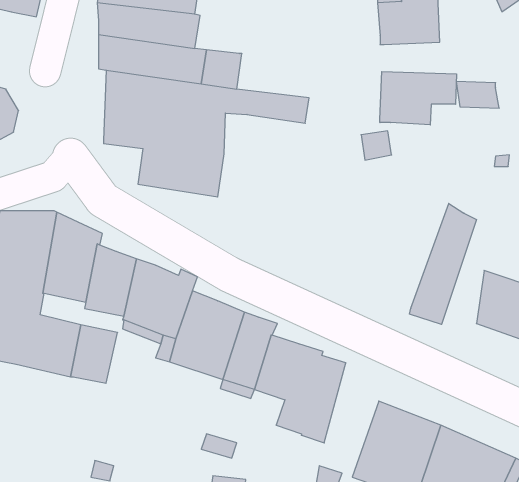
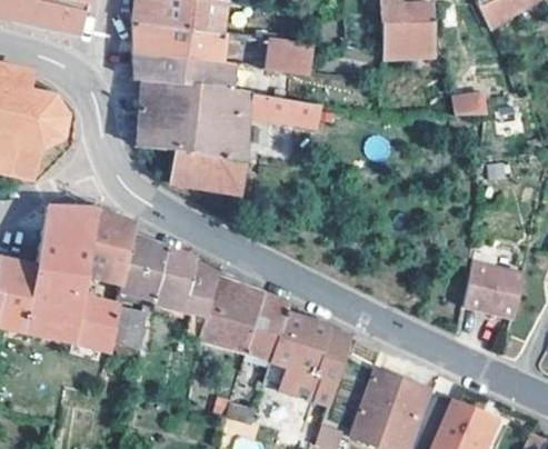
building: none -> [246,36,310,74]
building: [380,72,456,125] -> none
building: [409,203,477,324] -> none

